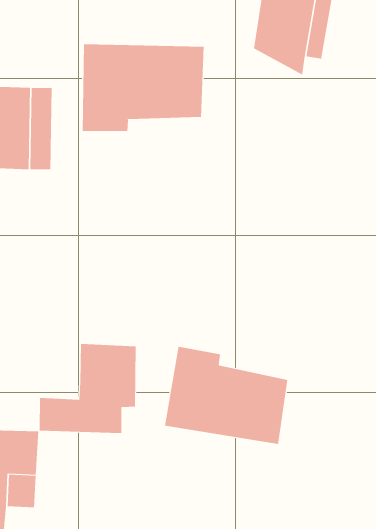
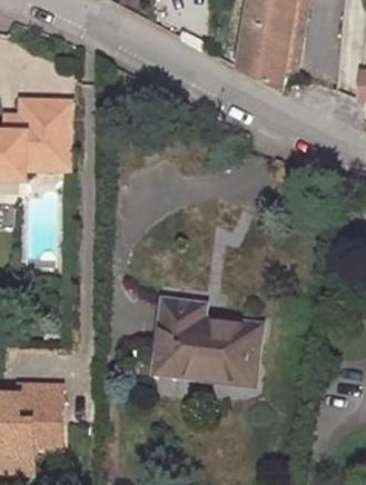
building: [82,43,204,132] -> none
building: [39,343,136,434] -> none

